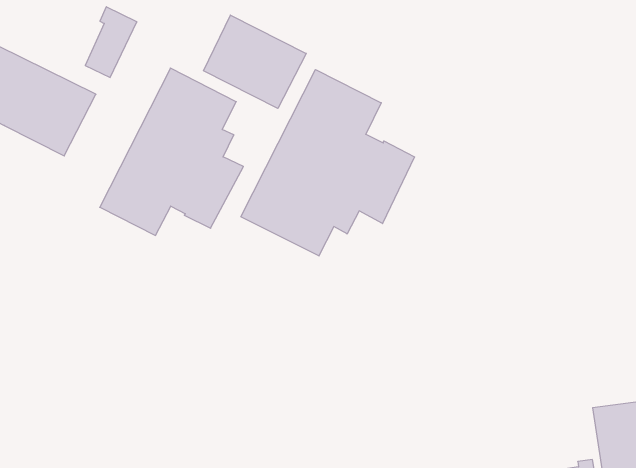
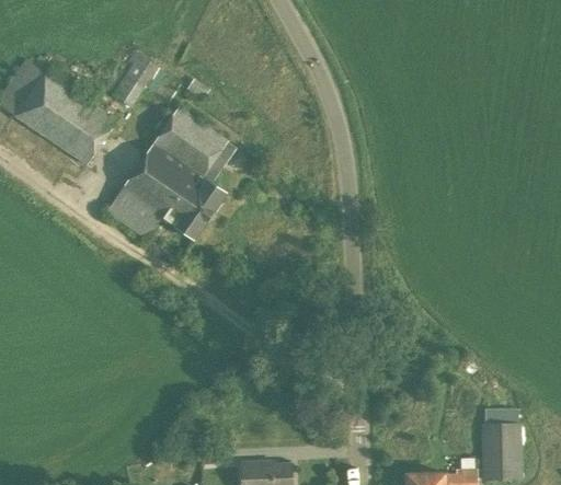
building: [203,15,306,108] -> none
building: [241,70,414,256] -> none

